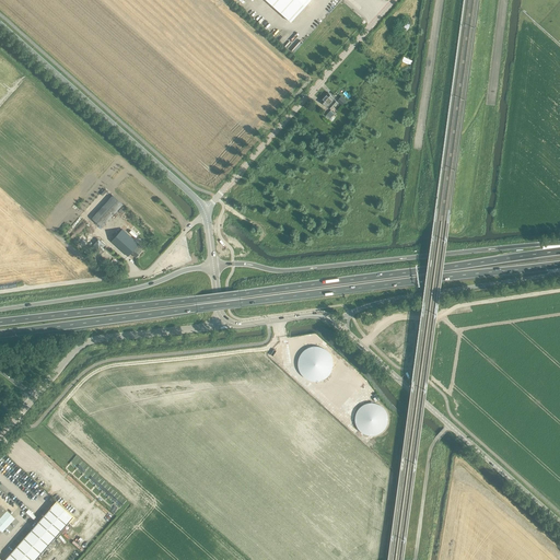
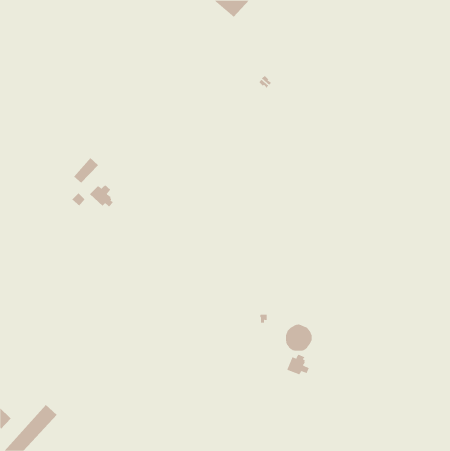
building: [296,346,331,381] -> none
building: none -> [287,354,310,375]

